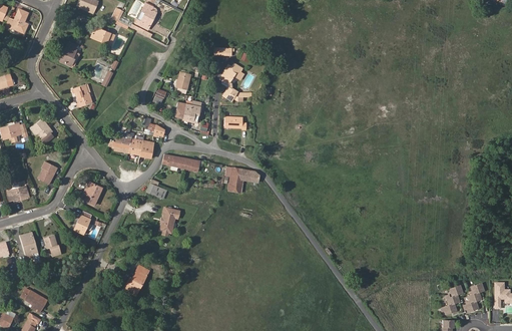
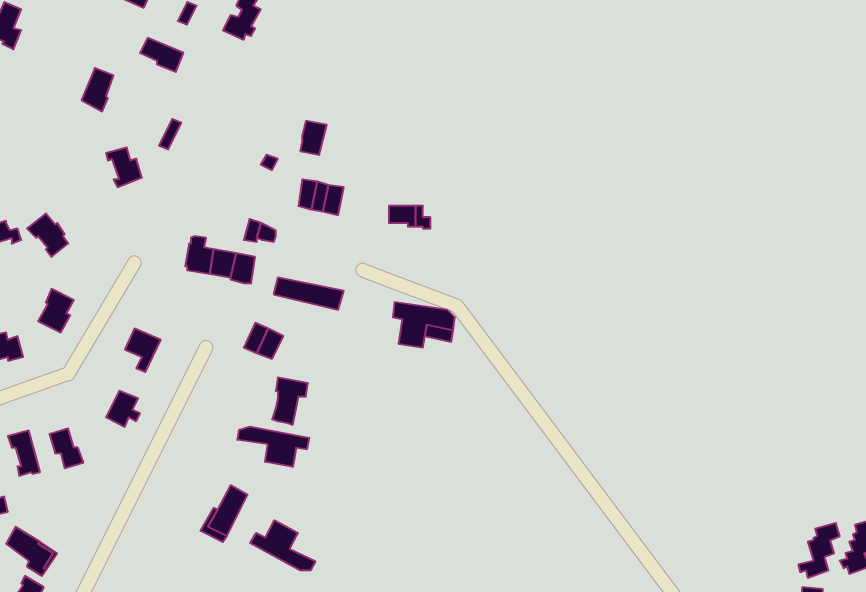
building: [220,63,243,102] -> none
building: none -> [237,427,309,467]
building: none -> [250,520,315,570]

